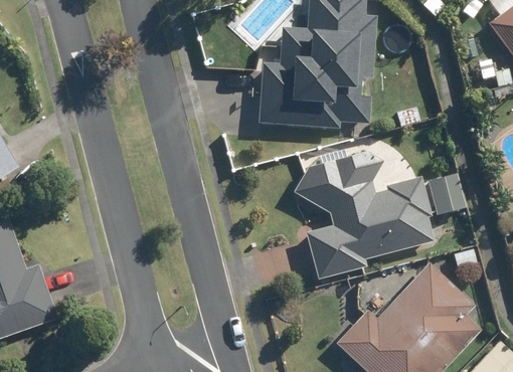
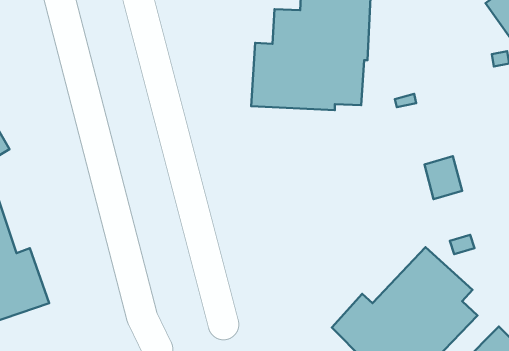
building: [294,151,435,278] -> none

